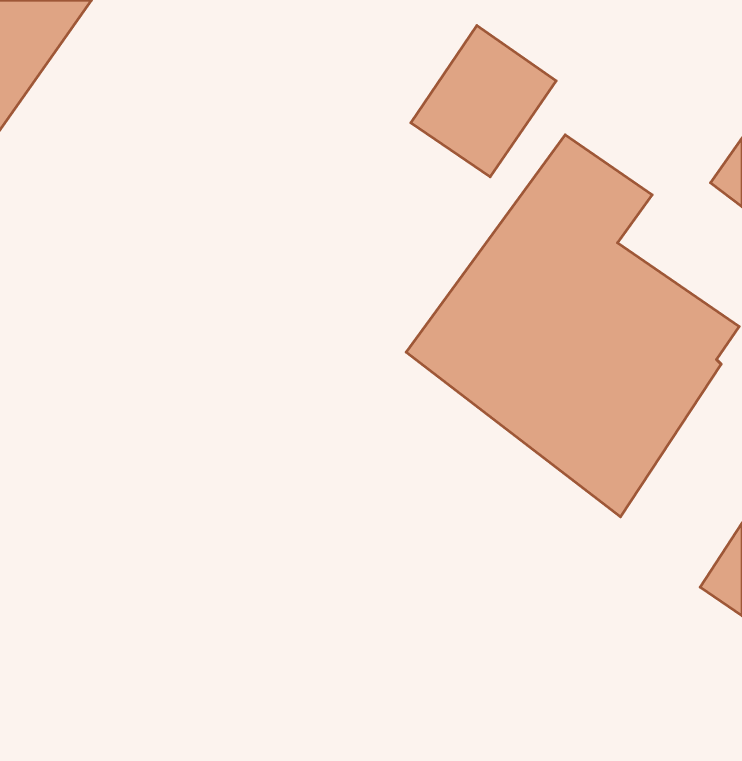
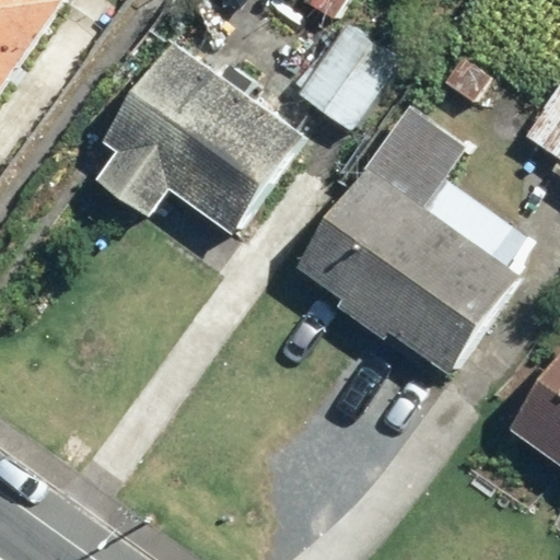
building: none -> [100,38,313,237]

